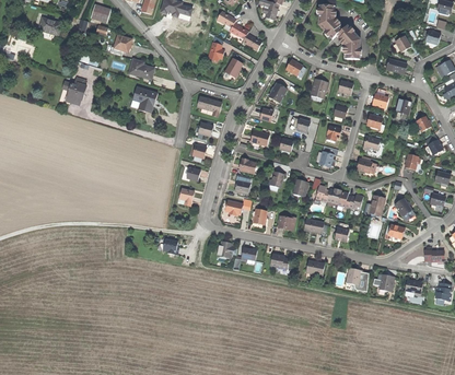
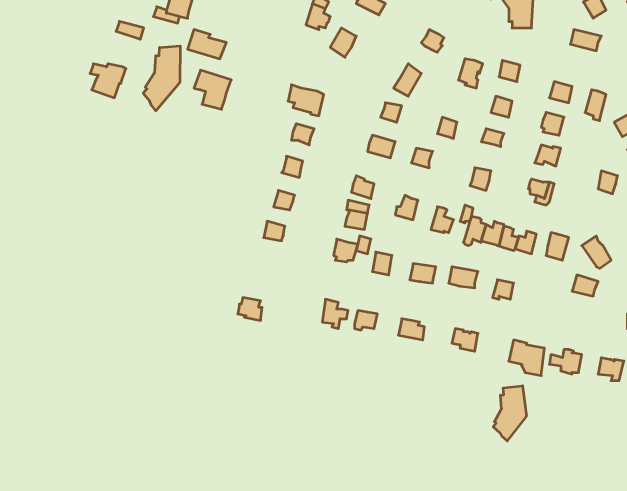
building: none -> [143,46,180,111]
building: none -> [493,386,526,441]

